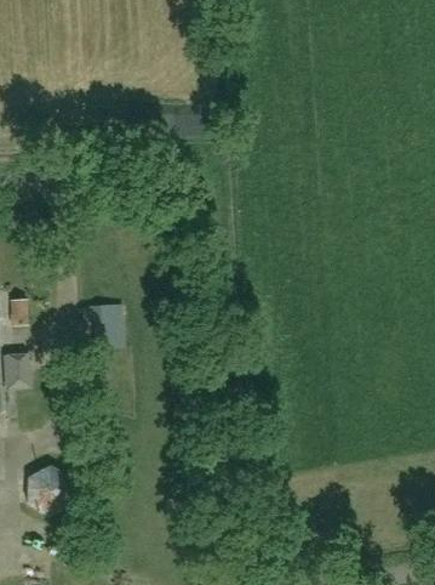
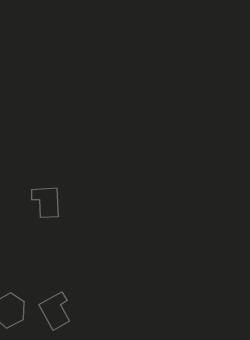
building: none -> [39,292,69,330]

